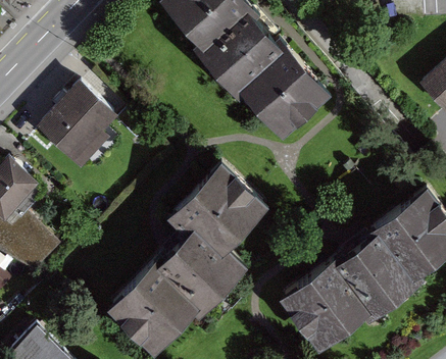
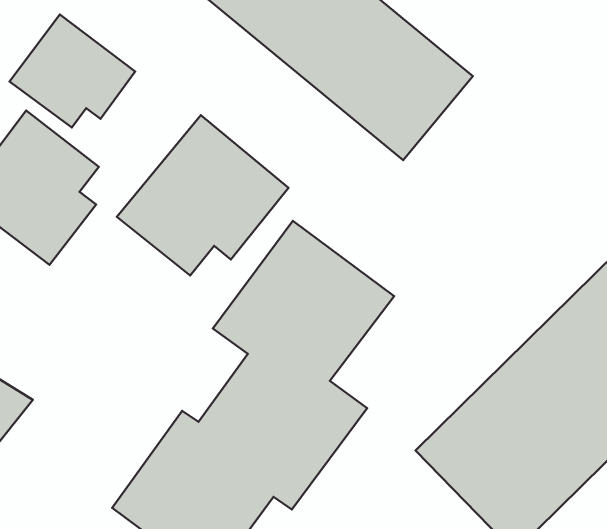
building: none -> [9,14,135,128]
building: none -> [117,115,289,276]

